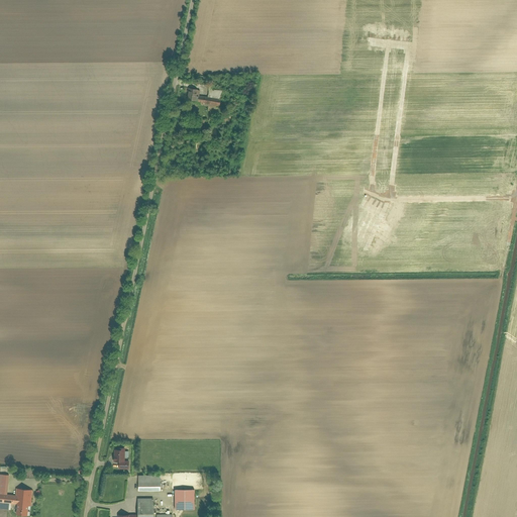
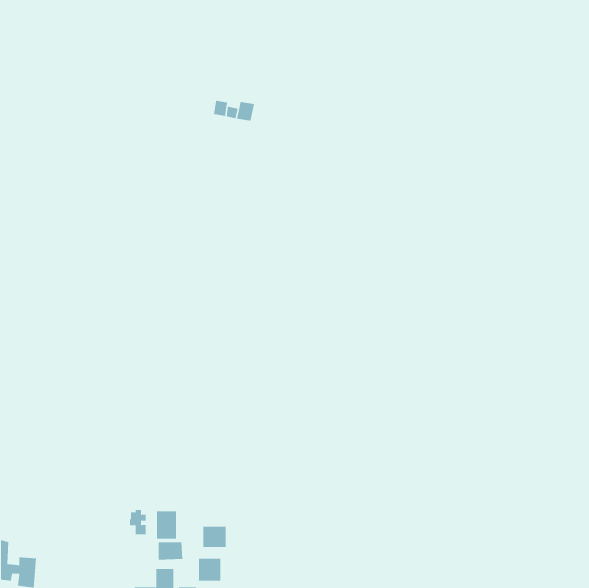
building: none -> [157,510,177,539]
building: none -> [203,526,226,548]

